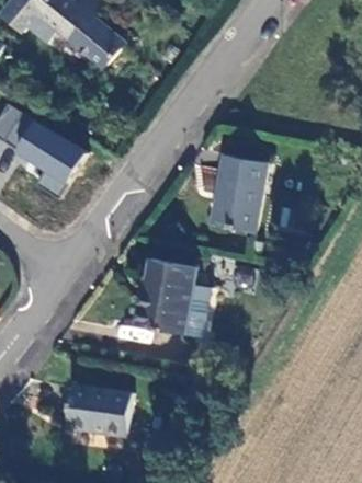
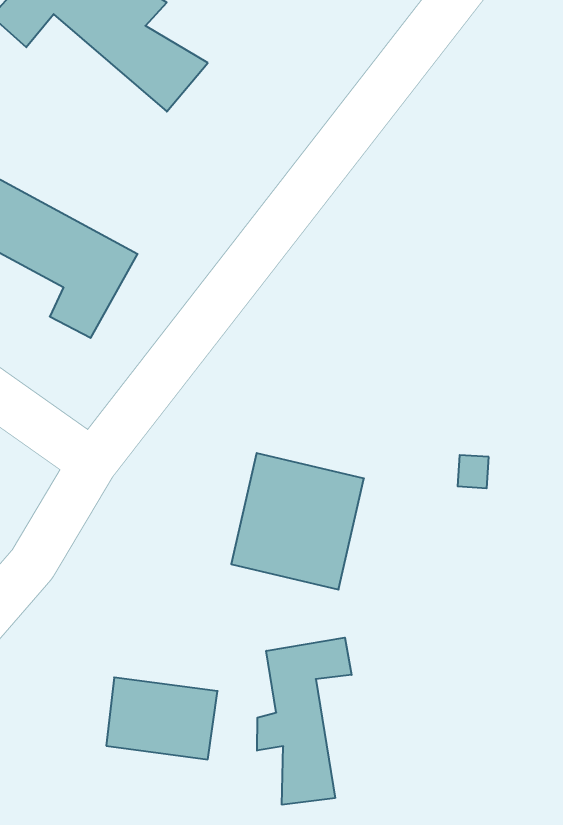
building: [213,158,264,230] -> none
building: none -> [257,638,352,805]

